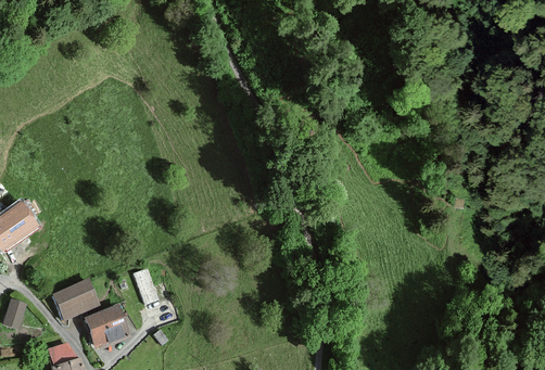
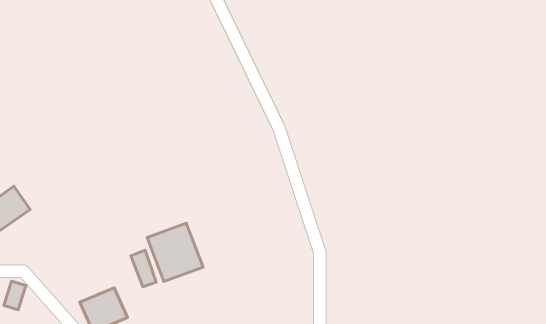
building: none -> [147,223,203,281]
building: [51,278,99,319] -> none

